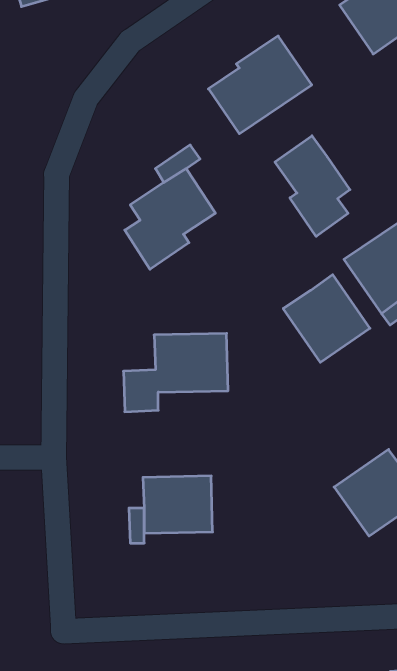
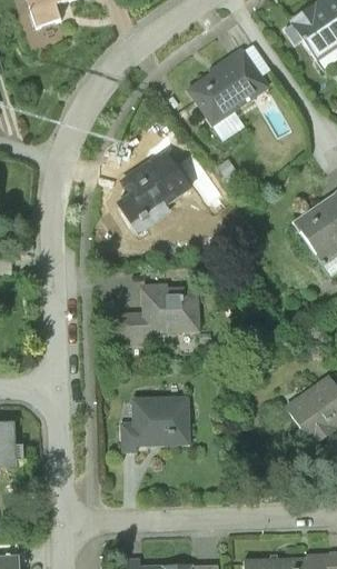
building: [275,136,350,236] -> none
building: [283,275,370,362] -> none

